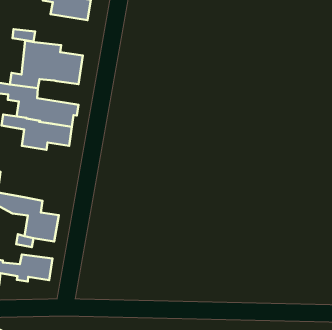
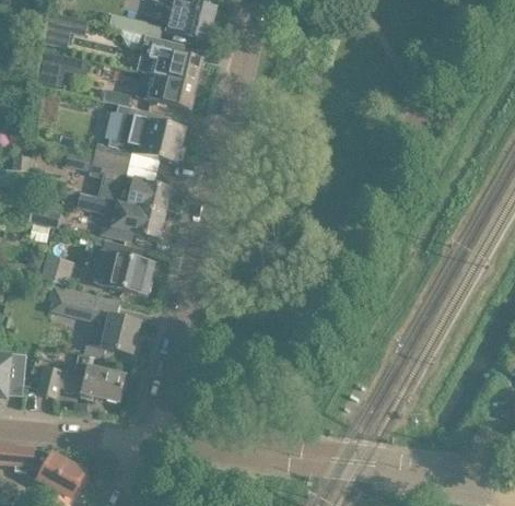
building: none -> [134,73,196,109]
building: none -> [94,240,152,294]

